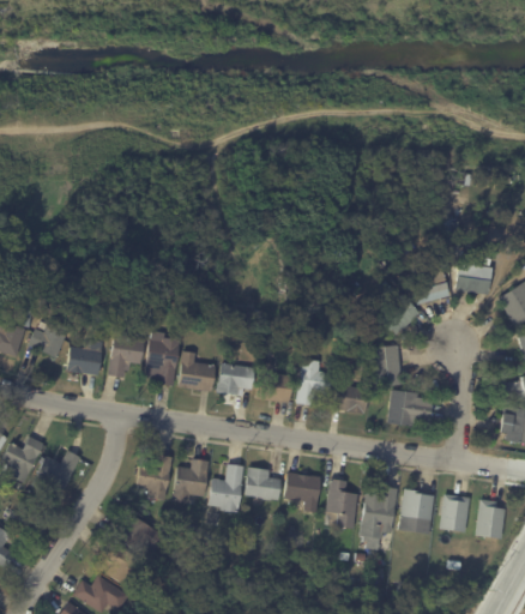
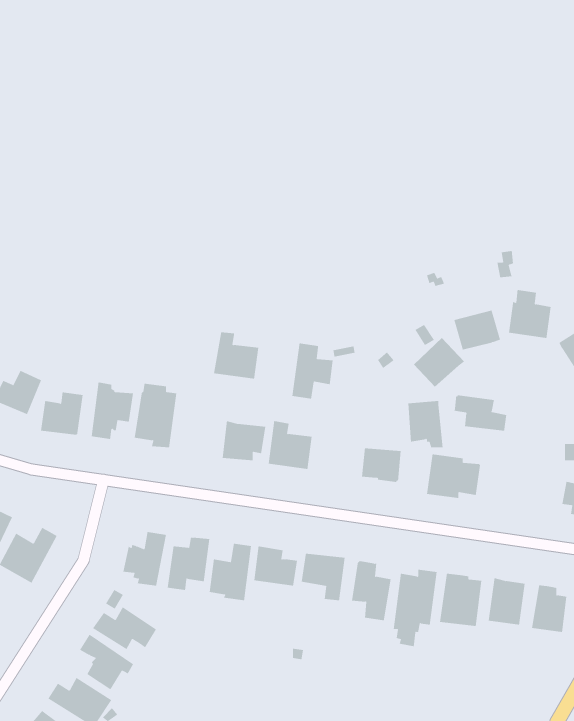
building: none -> [454,395,507,431]
building: [177,351,216,391] -> [213,332,259,379]
building: [296,359,331,405] -> [292,343,333,399]

